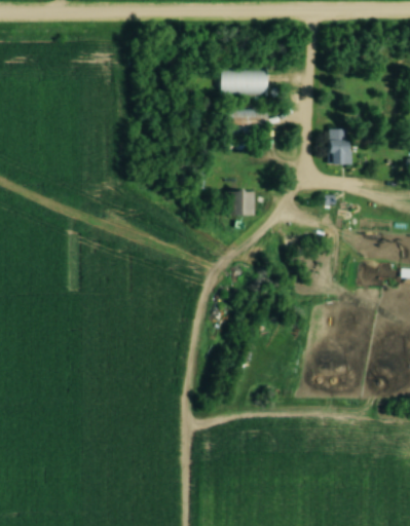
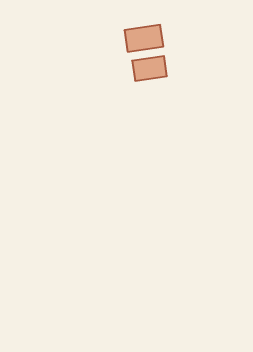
building: [330,128,349,164] -> none
building: [223,189,256,215] -> none

